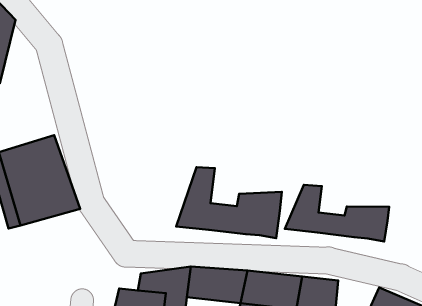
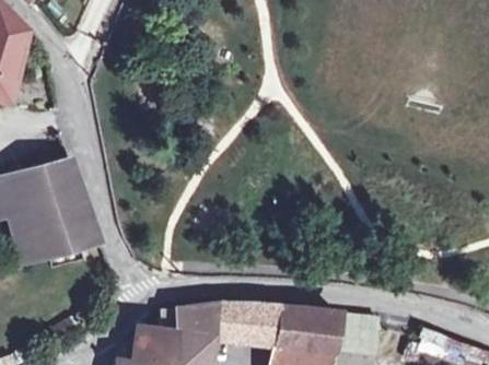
building: [176,167,282,238] -> none
building: [285,185,389,241] -> none

